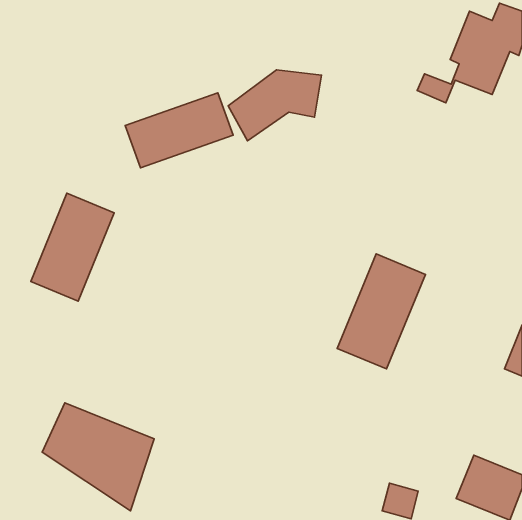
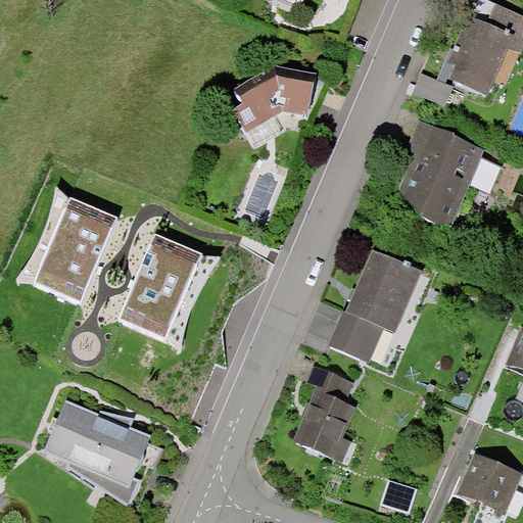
building: [125,93,233,168] -> none
building: none -> [391,123,484,224]
building: none -> [115,228,199,336]
building: none -> [294,366,354,461]

